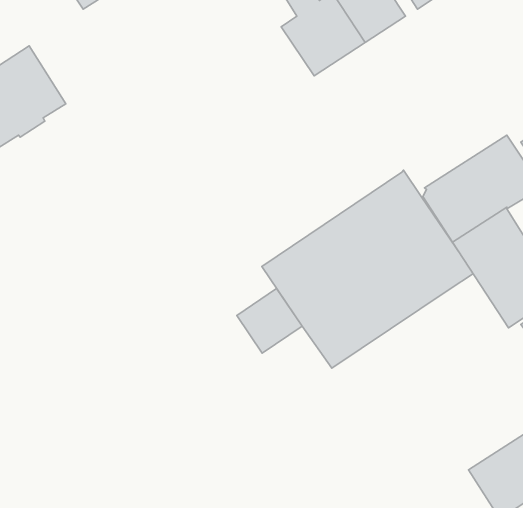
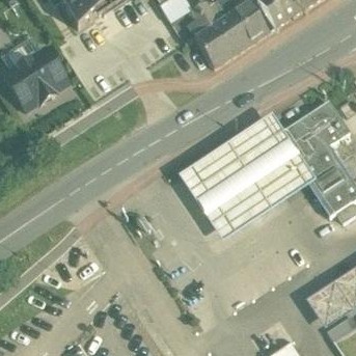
building: [237,288,302,353] -> none

